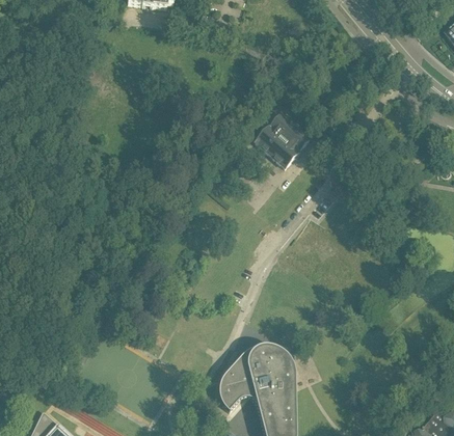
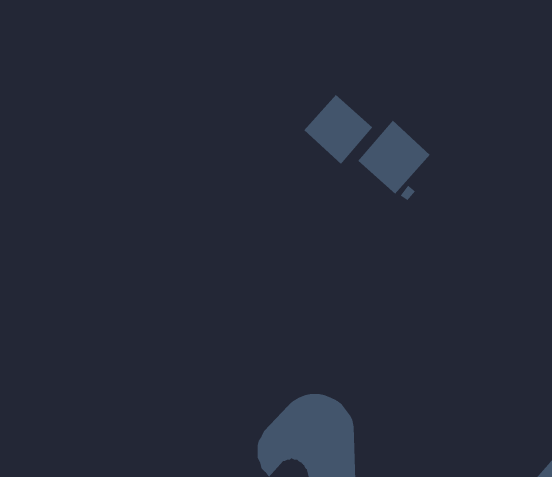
building: none -> [358,120,430,194]

